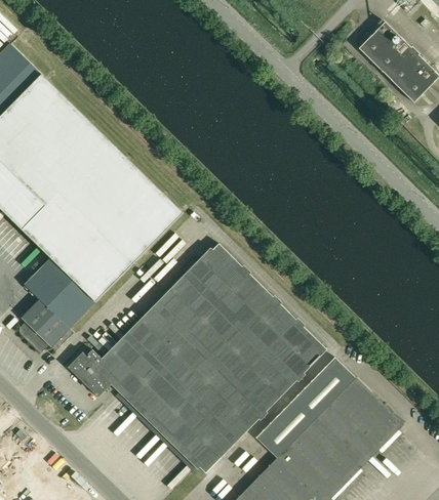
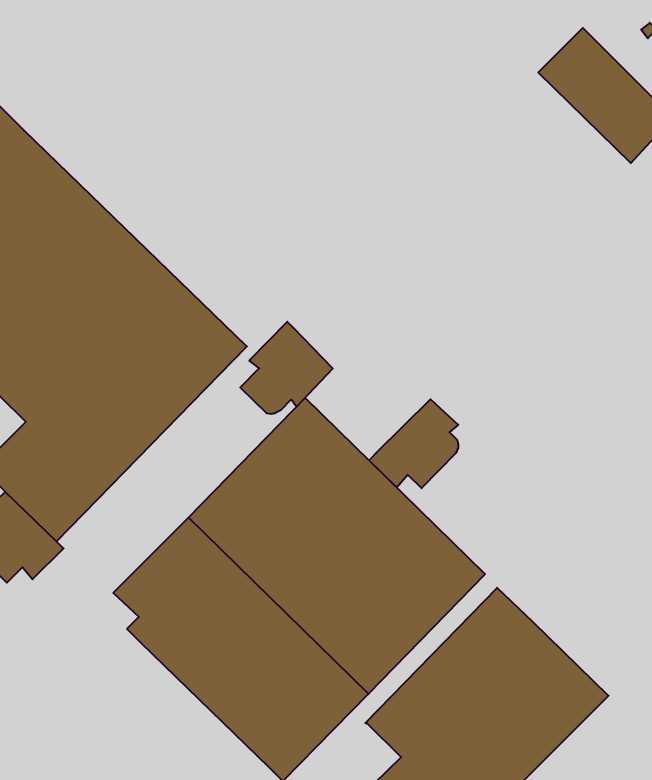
building: none -> [240,322,333,414]
building: none -> [369,399,458,488]
building: [67,349,118,395] -> none

